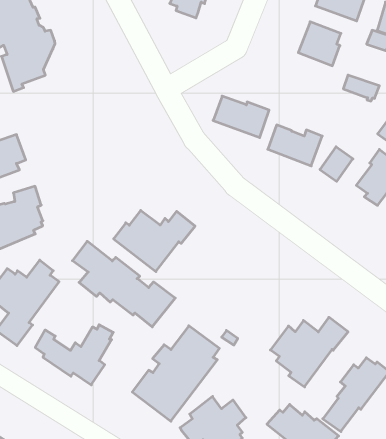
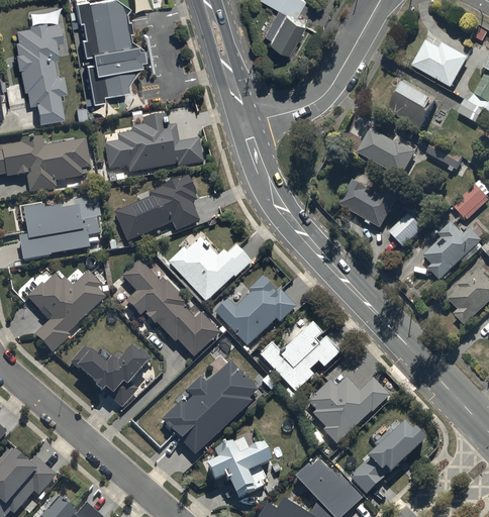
building: [213,96,269,138] -> [358,122,416,171]
building: none -> [105,114,203,172]
building: none -> [114,176,199,241]
building: none -> [214,276,296,346]
building: none -> [260,322,338,397]

